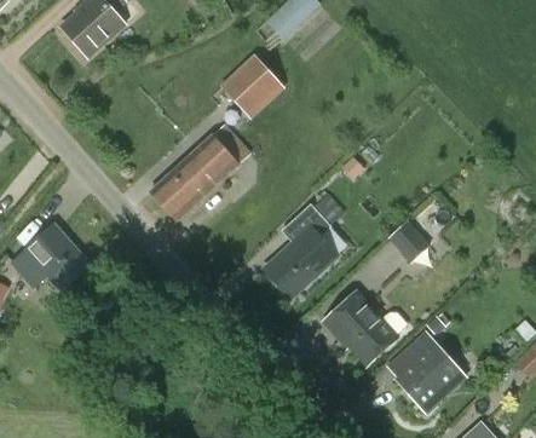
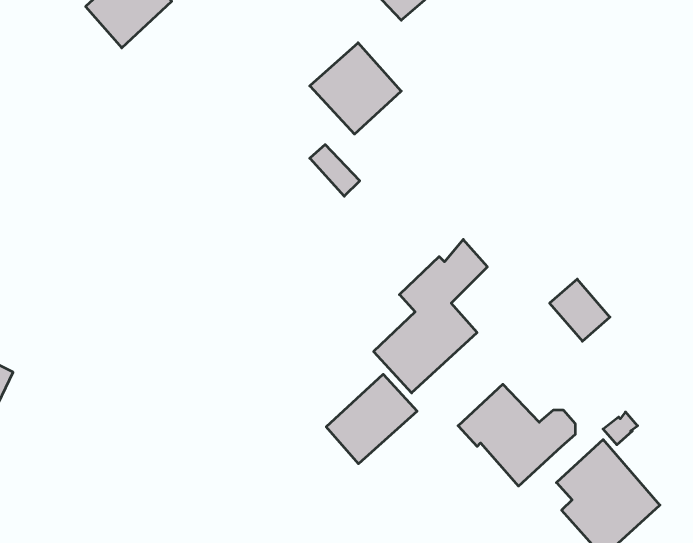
building: [150,137,237,220] -> none
building: [11,226,87,289] -> none
building: none -> [326,374,417,464]

